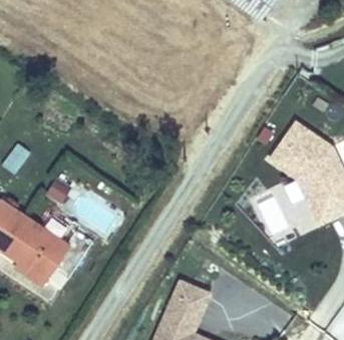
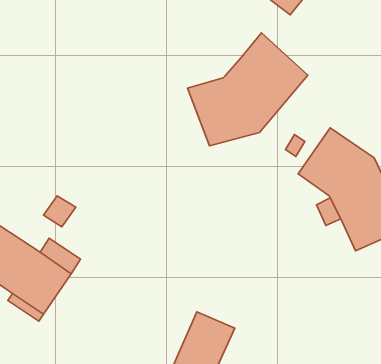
building: none -> [188,33,308,146]

